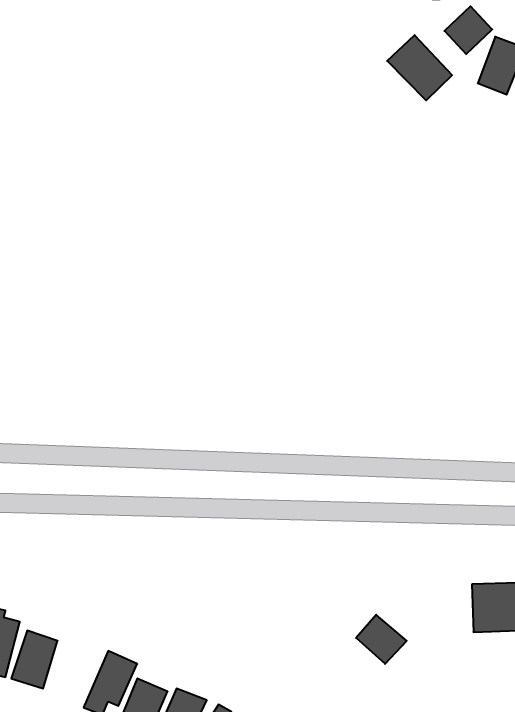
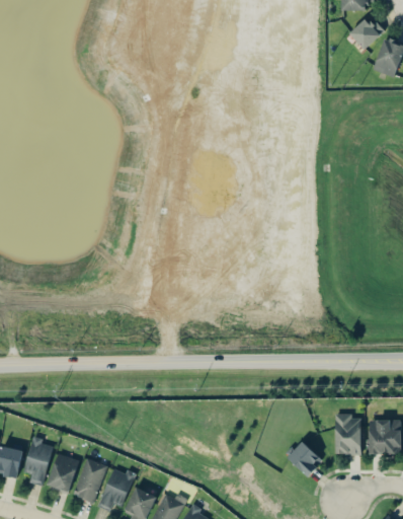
building: [387,35,452,100] -> none
building: none -> [335,414,360,454]
building: none -> [73,457,107,502]

